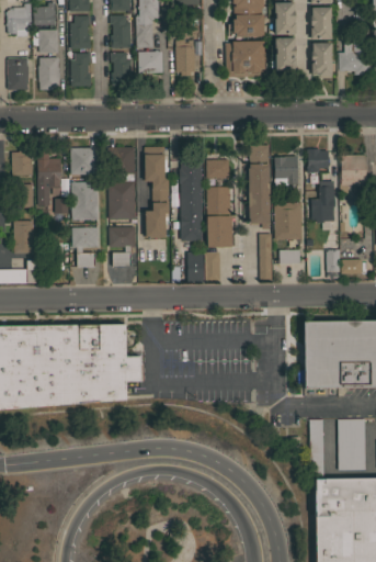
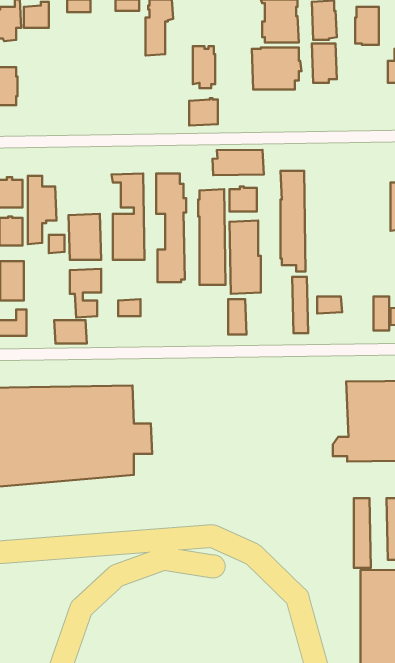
building: [110,15,130,48] -> none
building: [70,16,91,49] -> none
building: [39,30,58,53] -> none
building: [311,43,332,78] -> none
building: [138,50,162,74] -> [189,98,218,126]
building: [111,53,132,86] -> none
building: [71,54,91,87] -> none
building: [38,58,59,90] -> none
building: none -> [212,150,264,175]
building: [71,148,98,175] -> none
building: [308,149,329,173] -> none
building: [274,157,298,186] -> none
building: [312,181,334,223] -> none
building: [274,202,303,240] -> none
building: [109,227,136,247] -> [54,320,87,344]
building: [187,252,203,282] -> none

